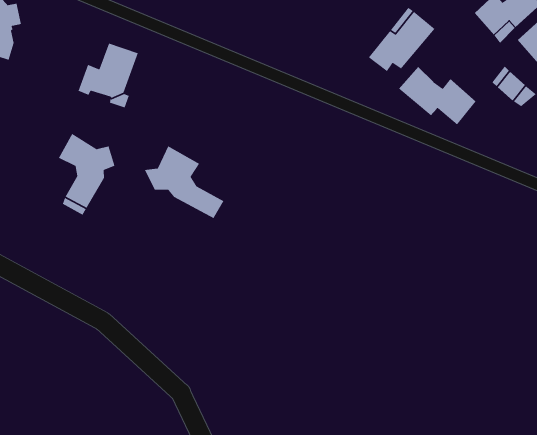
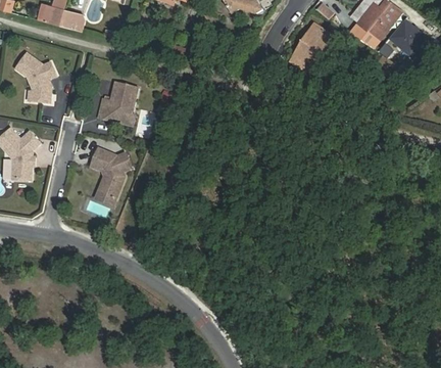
building: [398,66,477,126] -> none
building: [144,145,225,219] -> none

